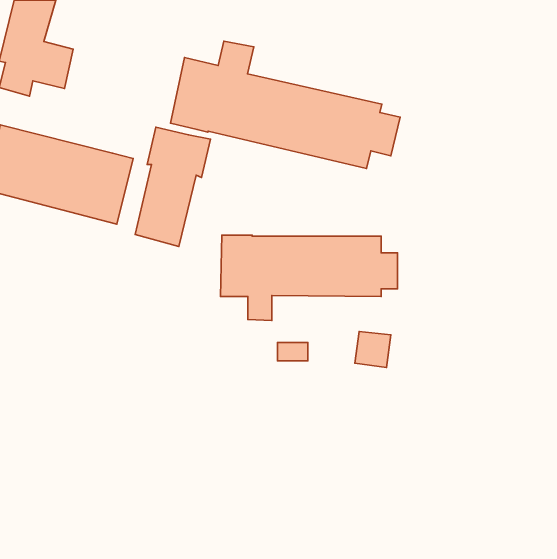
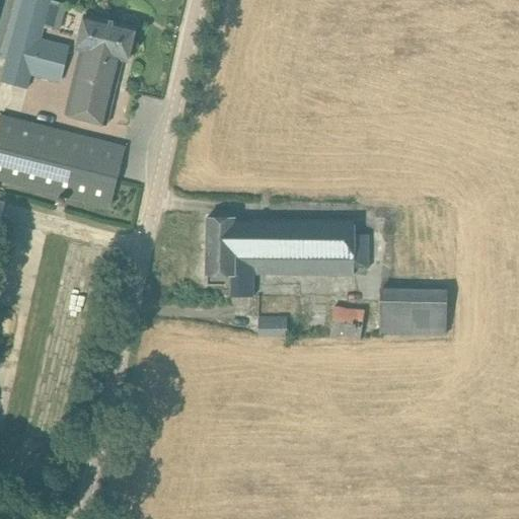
building: [170,41,400,168] -> none
building: [135,127,210,246] -> [65,15,135,126]
building: none -> [379,287,448,336]

